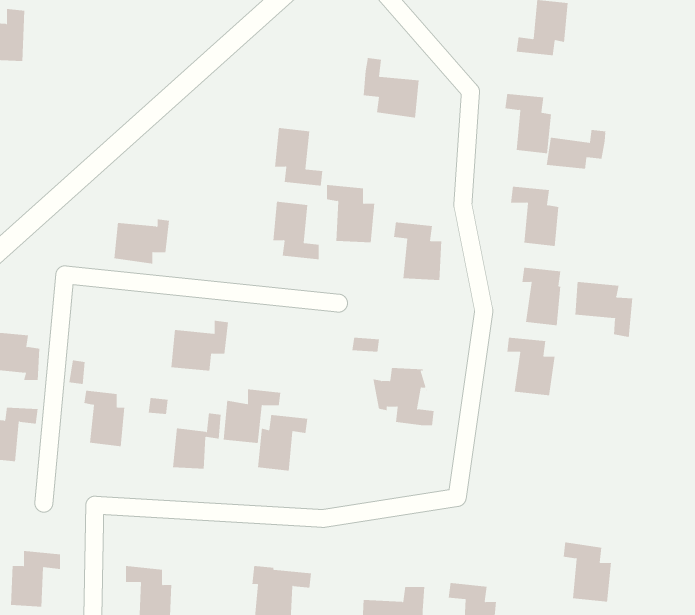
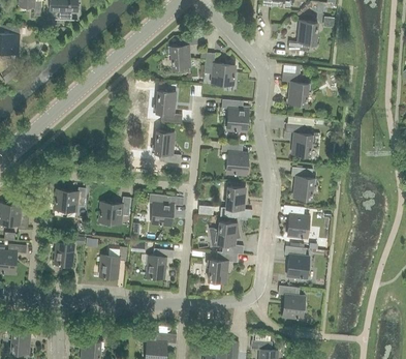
building: none -> [170,36,196,68]
building: [546,129,606,169] -> none
building: [326,184,375,243] -> [221,99,248,131]
building: [113,219,170,264] -> [54,187,85,212]
building: [575,281,633,338] -> none
building: none -> [225,186,251,218]
building: [223,389,281,443] -> [151,196,183,226]
building: none -> [284,246,308,278]
building: none -> [208,251,237,283]
building: [563,542,612,602] -> [277,286,304,319]

